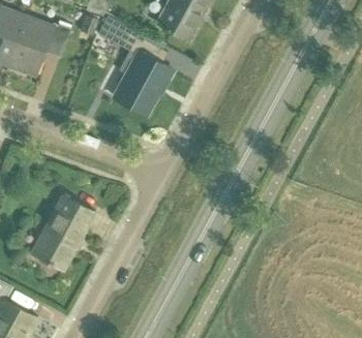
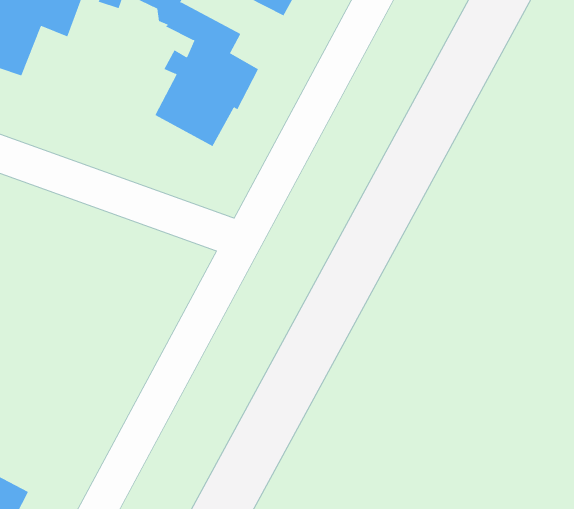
building: [31,196,94,272] -> none

